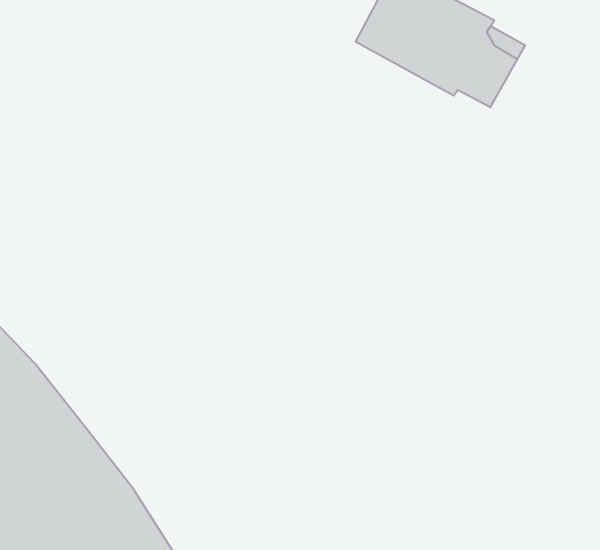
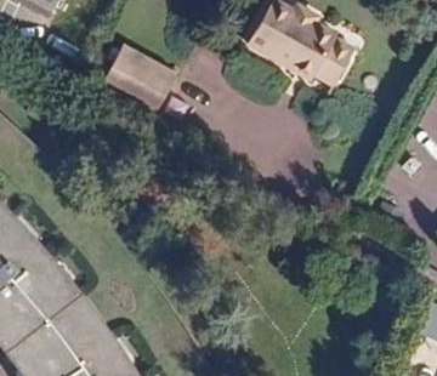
building: none -> [98,45,176,116]

